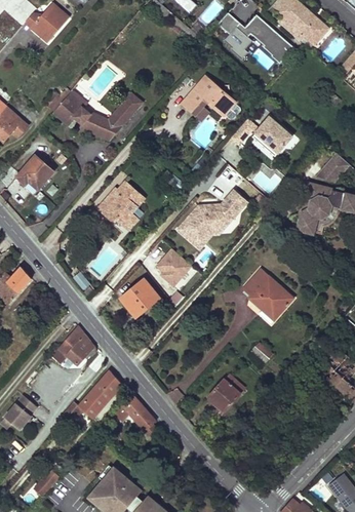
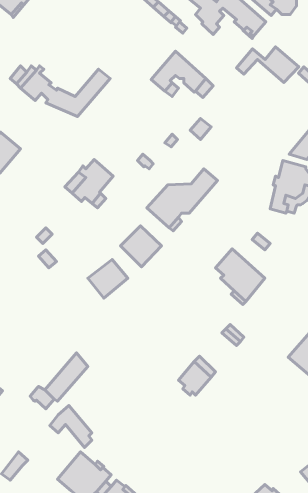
building: [231,117,291,152] -> [237,47,299,83]
building: [50,326,94,364] -> none
building: [114,395,155,436] -> [50,405,92,448]

